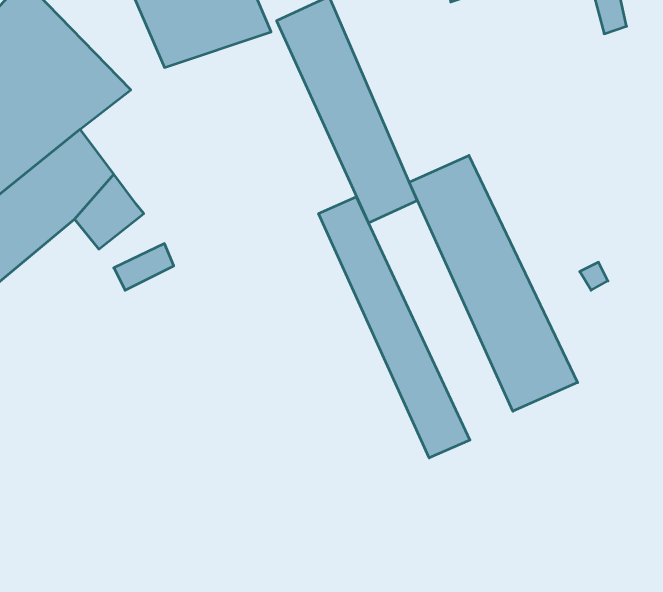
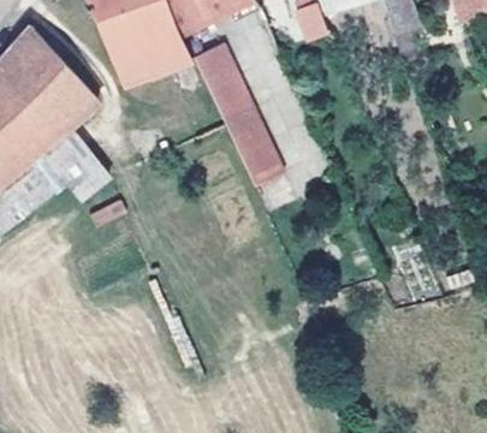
building: [409,155,578,411] -> none
building: [319,197,470,458] -> none

